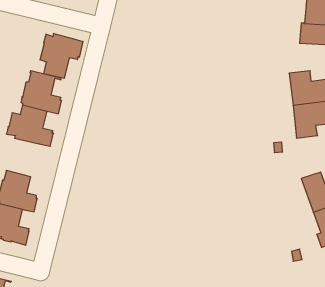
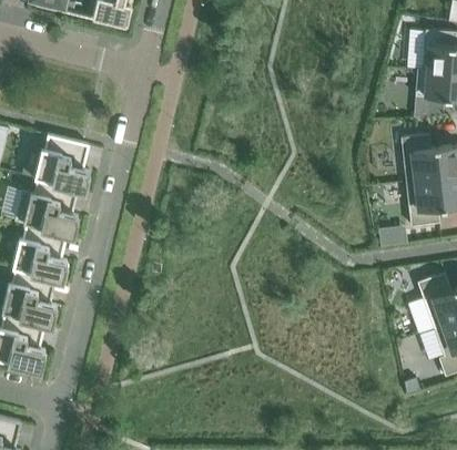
building: [40,33,83,78] -> none
building: none -> [12,226,68,283]

